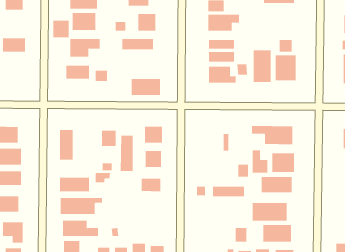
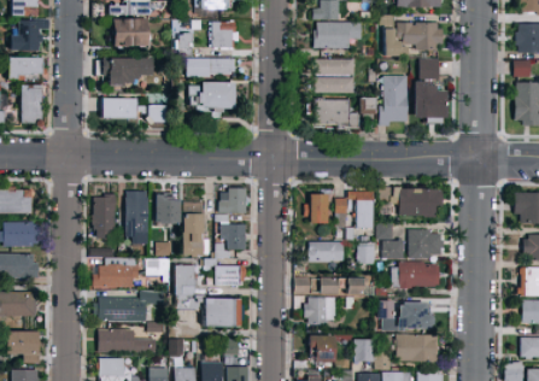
building: none -> [385,22,443,55]
building: [52,20,69,38] -> [16,23,41,49]
building: none -> [22,84,43,123]
building: [131,78,161,96] -> [189,82,234,107]
building: none -> [124,190,148,235]
building: none -> [357,192,375,227]
building: none -> [307,193,329,222]
building: none -> [309,241,345,262]
building: none -> [175,265,240,327]
building: none -> [304,297,335,323]
building: none -> [307,334,335,361]

